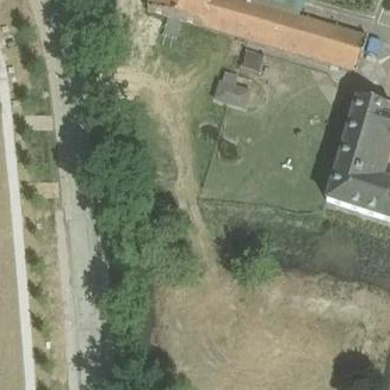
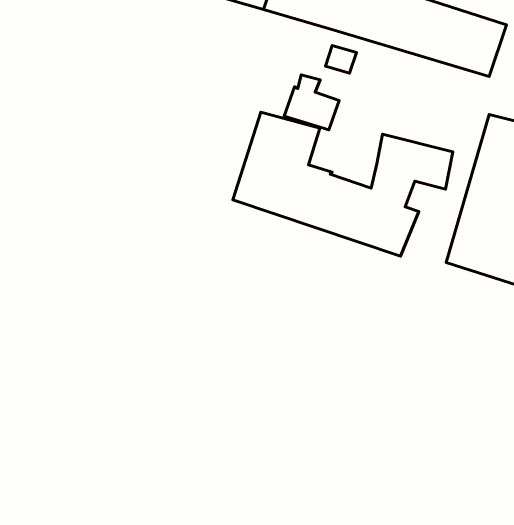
building: none -> [233,112,453,256]

